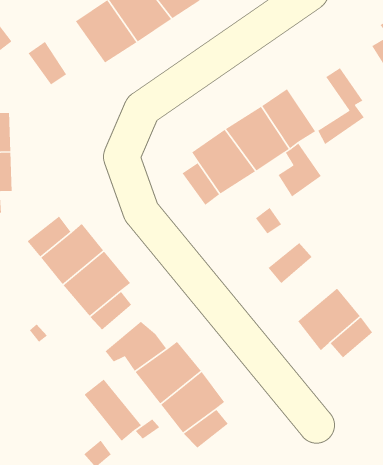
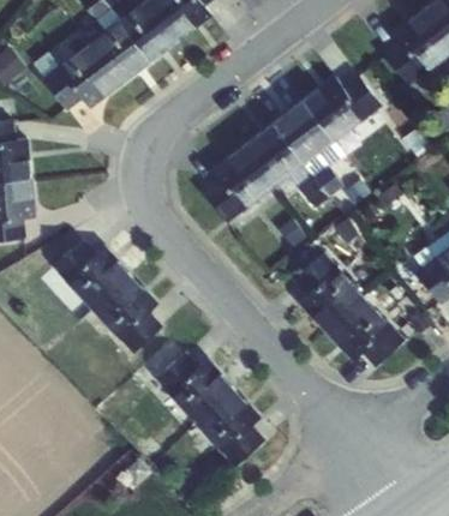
building: none -> [59,43,120,107]
building: none -> [304,76,366,140]
building: none -> [300,266,365,331]
building: [83,379,142,442] -> none

